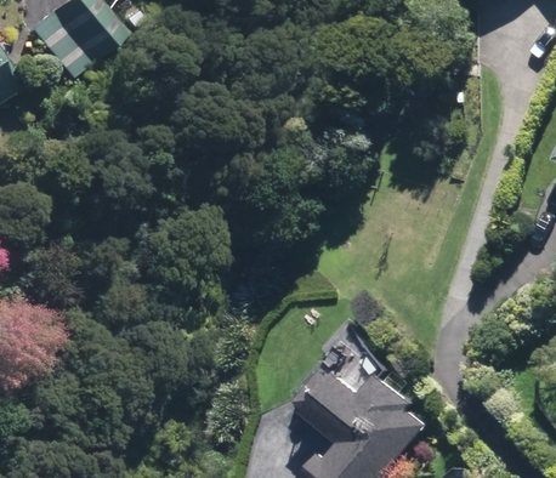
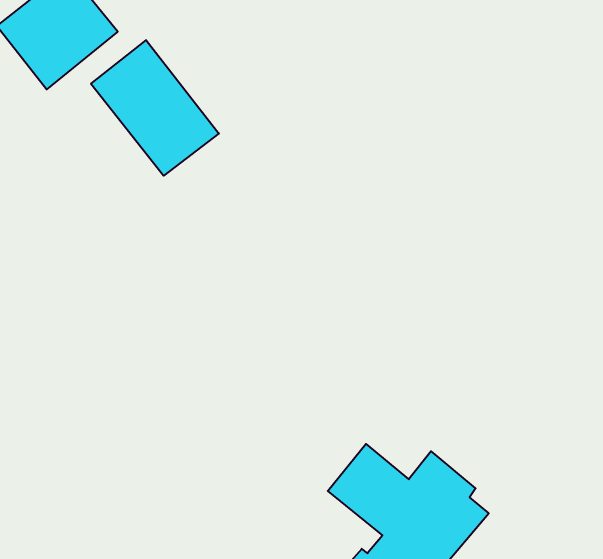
building: none -> [91,40,219,176]

